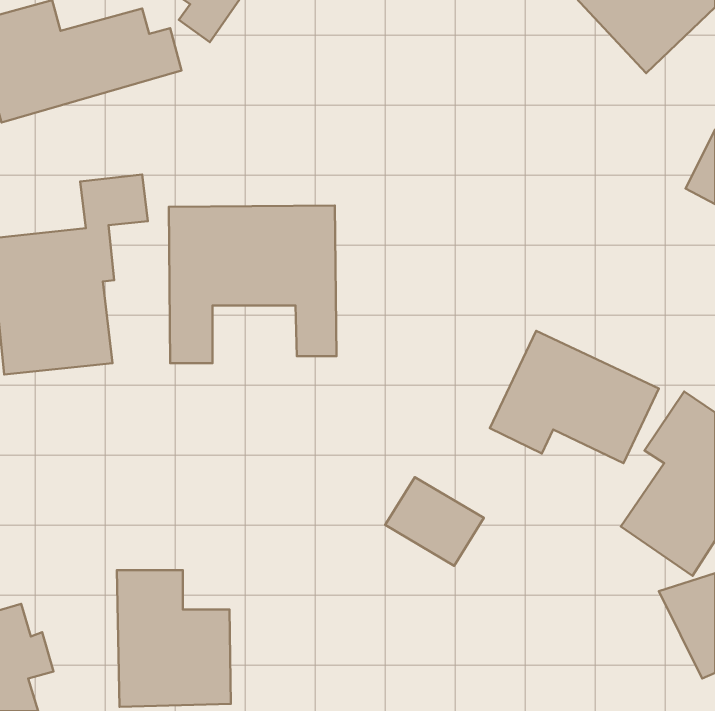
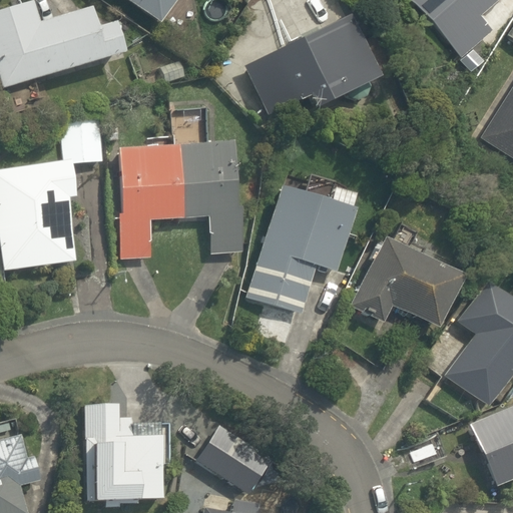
building: none -> [247,14,389,130]
building: none -> [243,184,363,314]
building: [385,477,484,566] -> [196,425,267,488]

